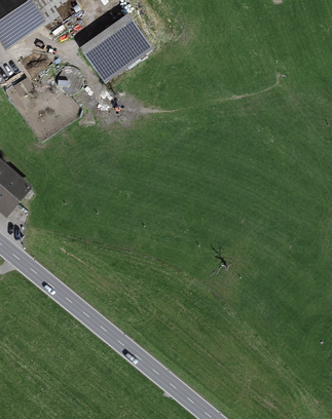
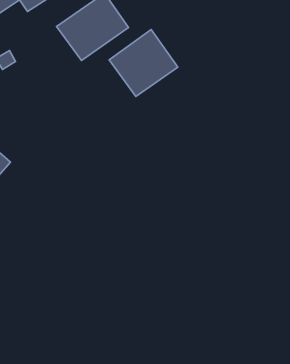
building: none -> [109,30,178,96]

